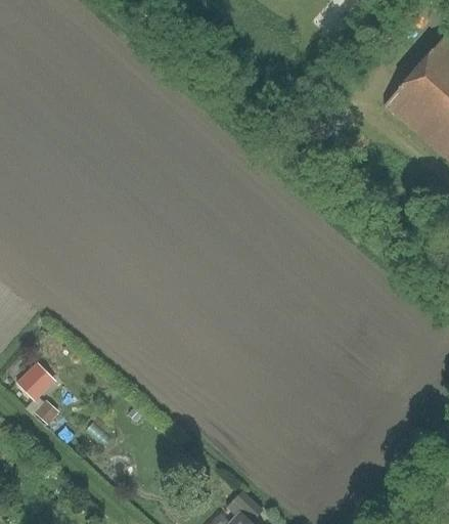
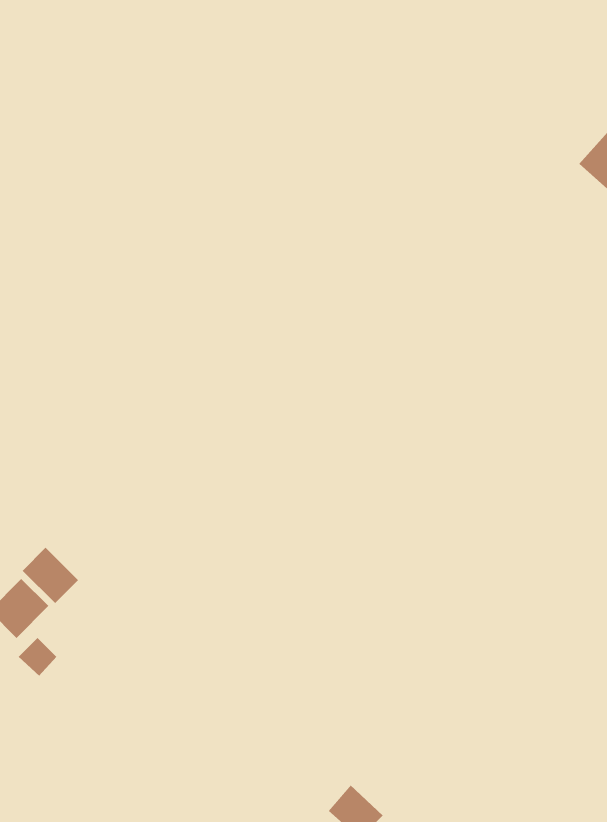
building: none -> [22,547,79,604]

